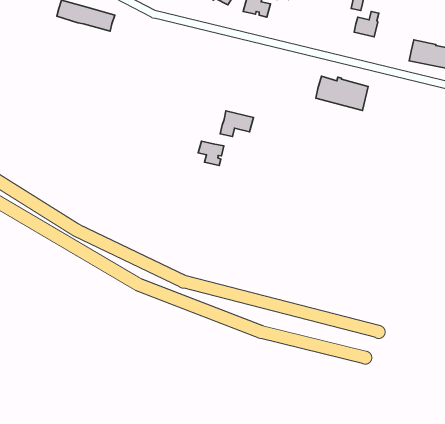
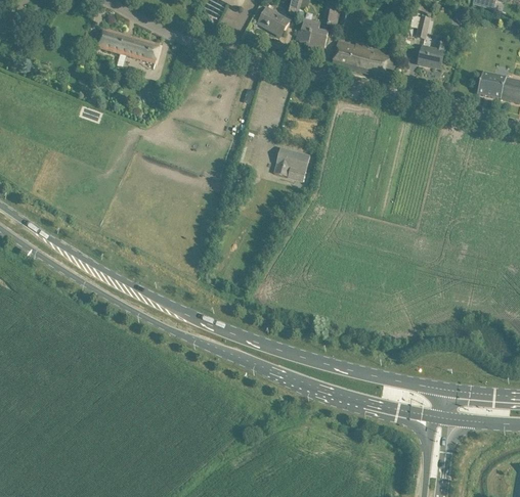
building: [316,76,368,110] -> [331,40,387,77]
building: [198,141,224,165] -> none

